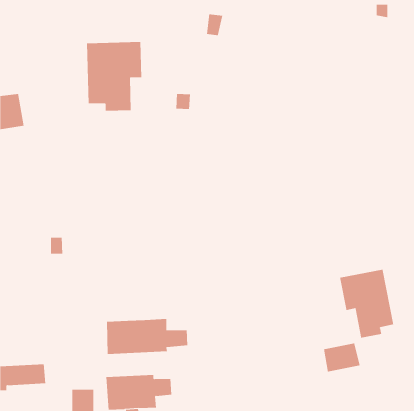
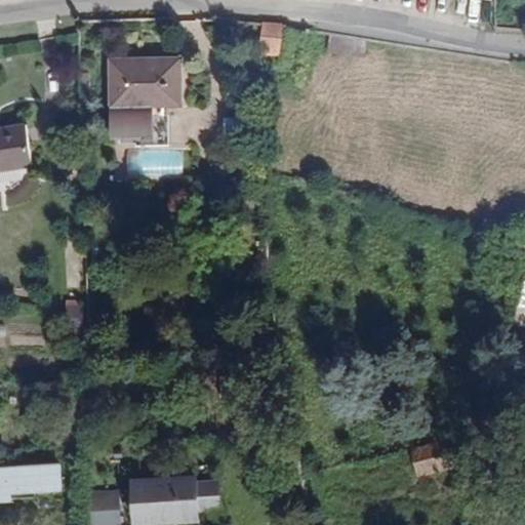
building: [340,269,394,339] -> none
building: [107,318,188,355] -> none

